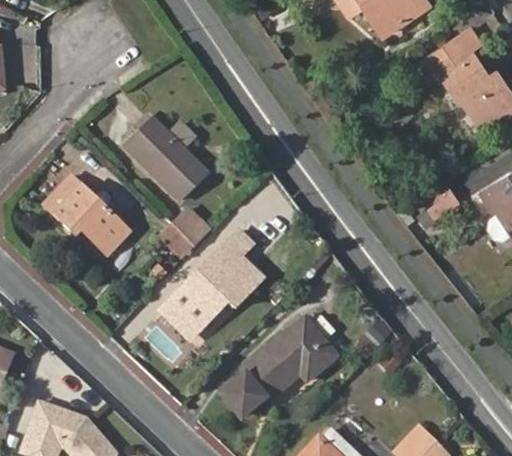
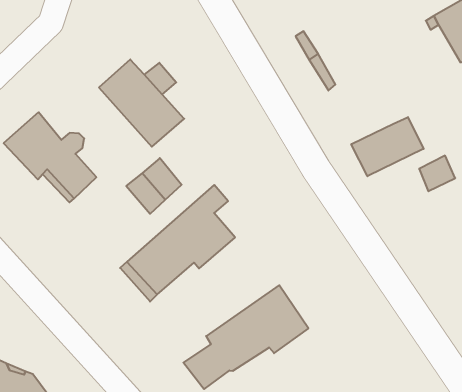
building: none -> [351,117,424,176]

